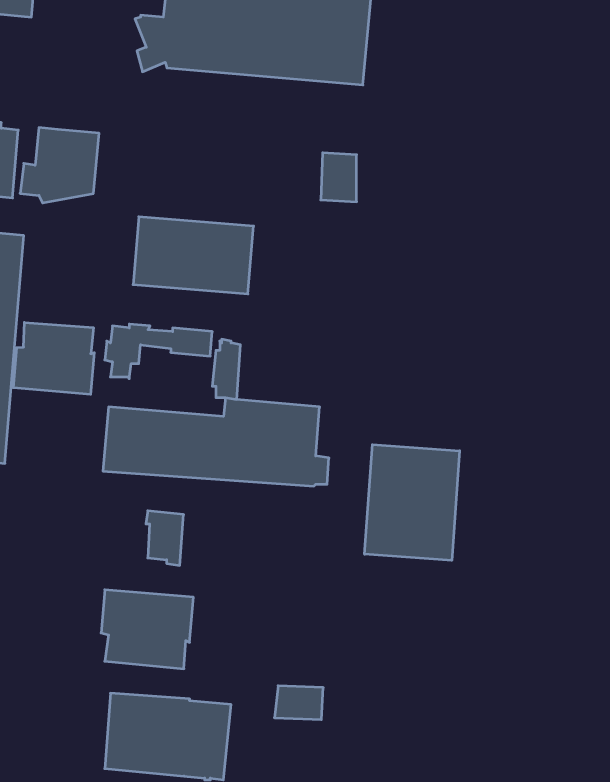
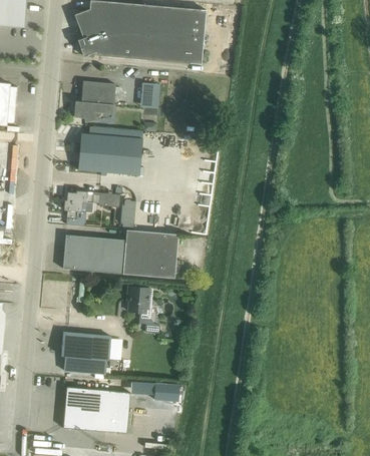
building: [20,128,99,203] -> [73,81,115,121]
building: [321,153,357,202] -> [138,81,157,107]
building: [13,322,94,394] -> none
building: [365,445,460,560] -> none
building: [146,511,184,565] -> [127,286,147,315]

